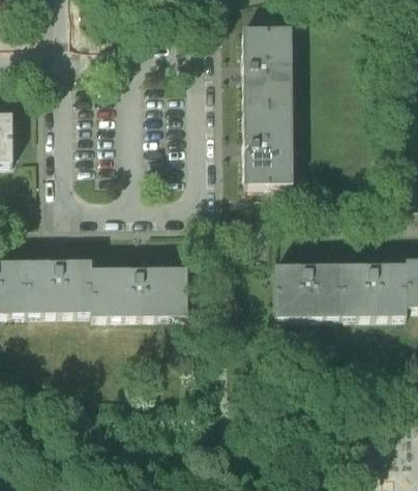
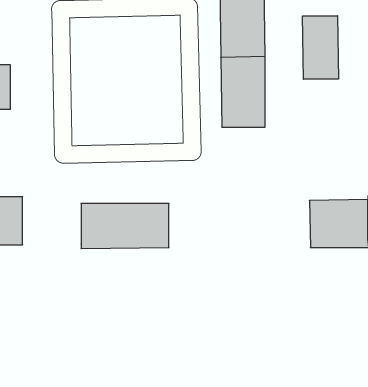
building: none -> [303,16,338,79]
building: [26,259,90,313] -> none
building: [273,264,341,317] -> none

